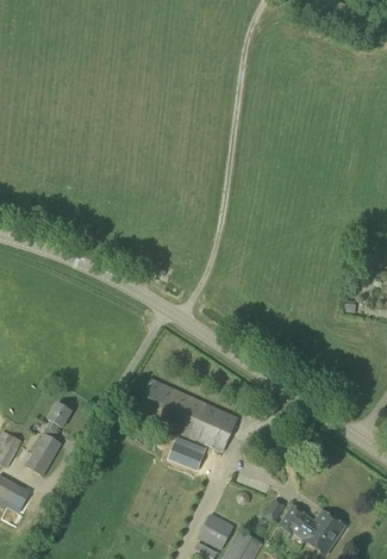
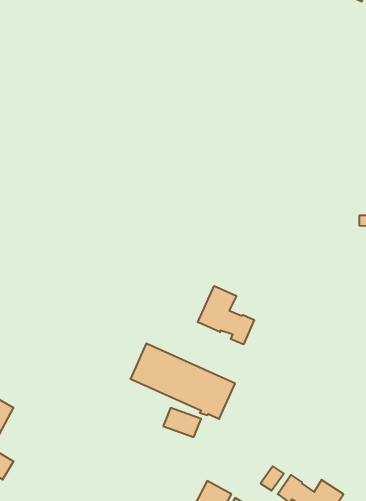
building: none -> [198,286,254,344]
building: [25,402,70,474] -> none

